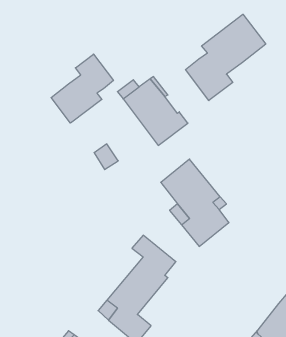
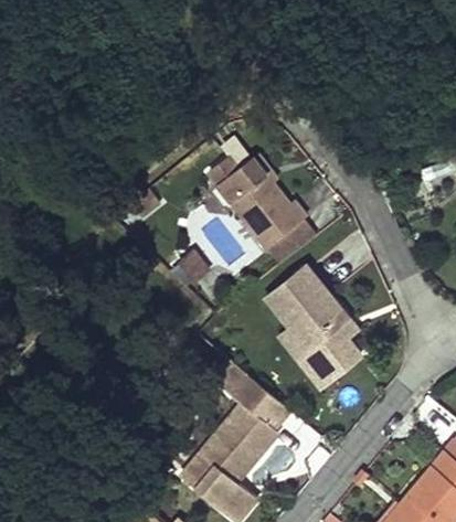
building: [186,14,266,101] -> none
building: [51,54,113,123] -> none

